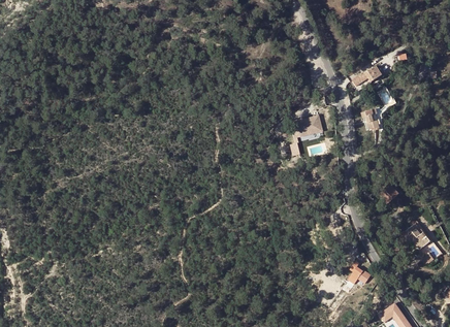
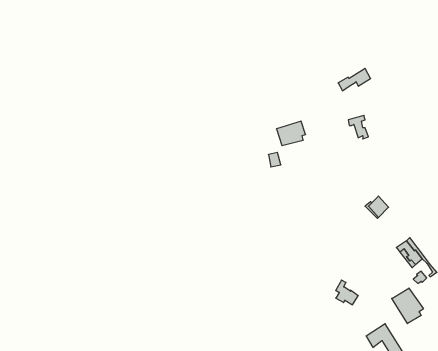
building: none -> [392,288,423,324]

